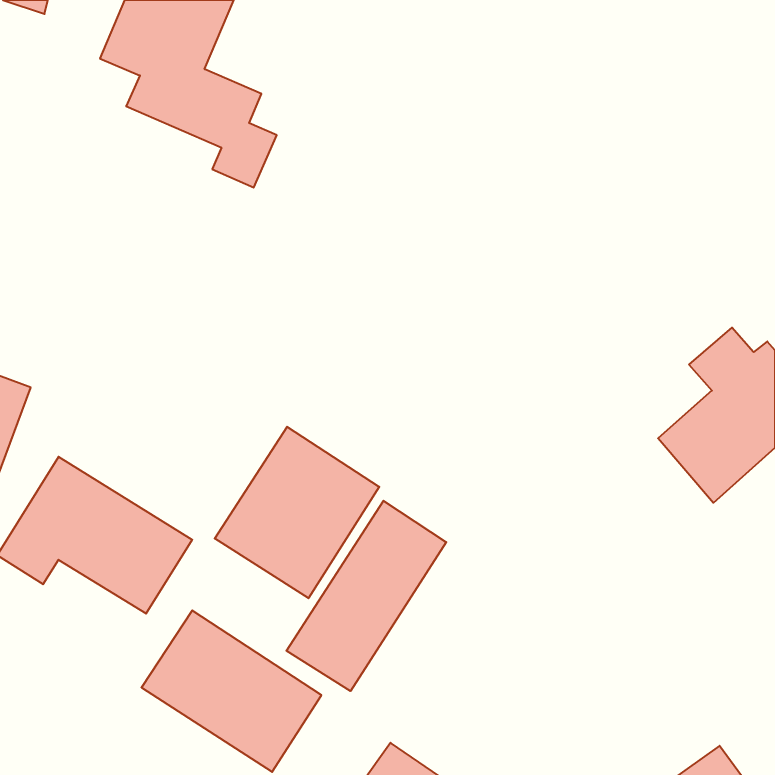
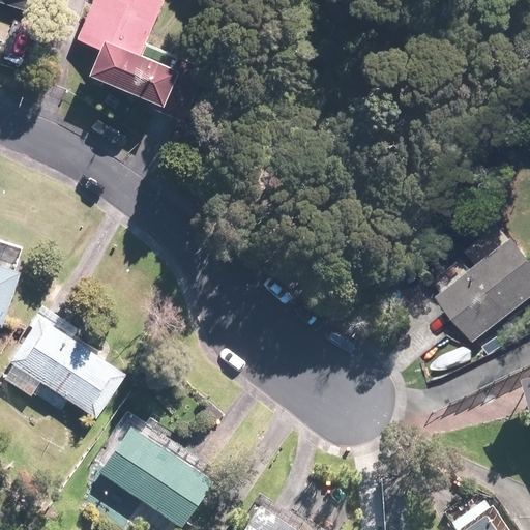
building: [215,427,379,598] -> none
building: [286,501,446,691] -> none

